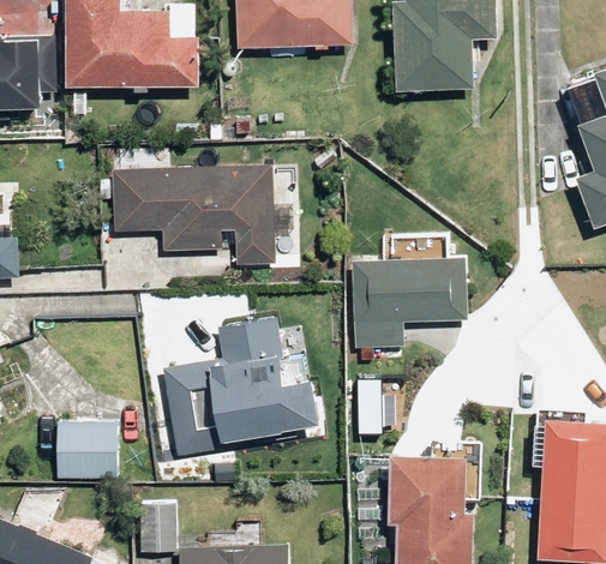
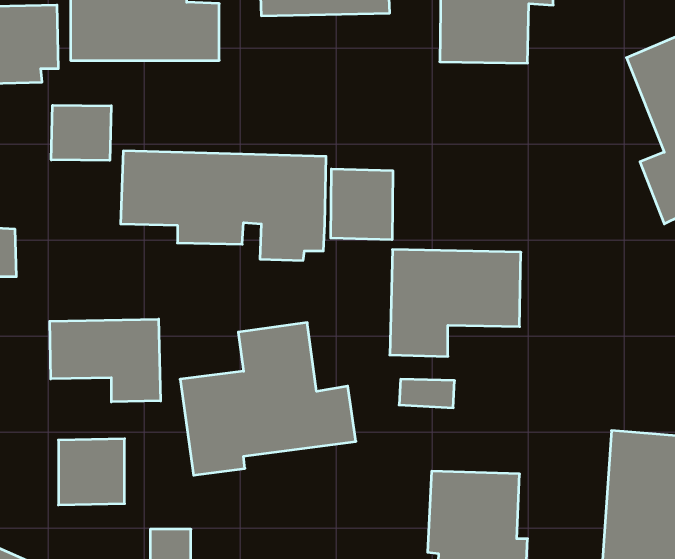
building: none -> [51,105,111,160]
building: none -> [331,169,393,240]
building: none -> [50,319,161,402]

